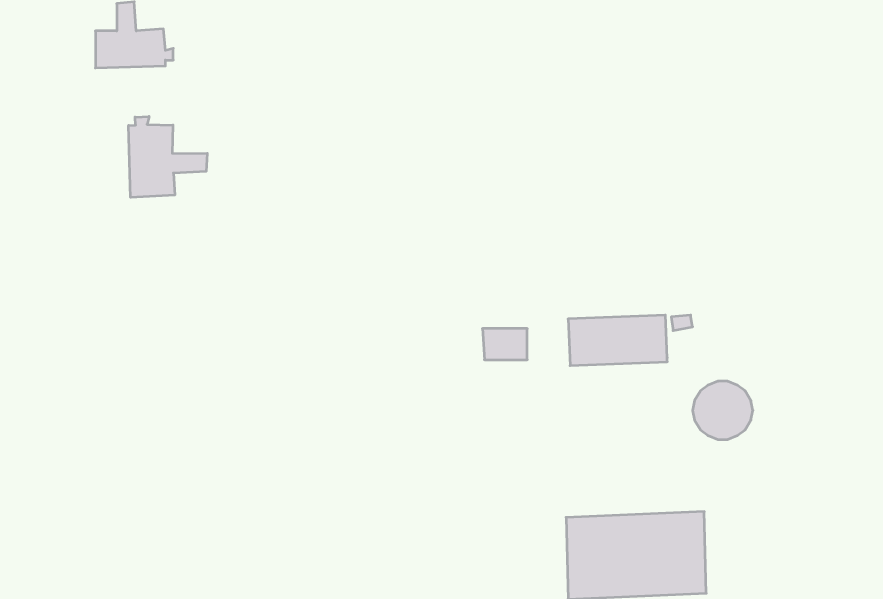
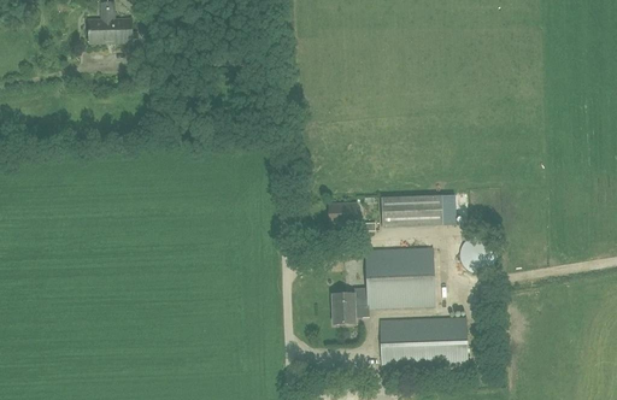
building: [129,116,207,197] -> none
building: none -> [331,248,434,323]

